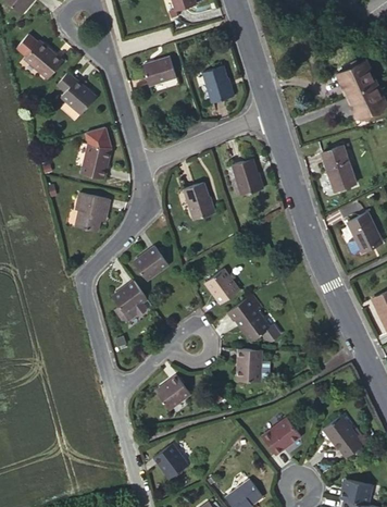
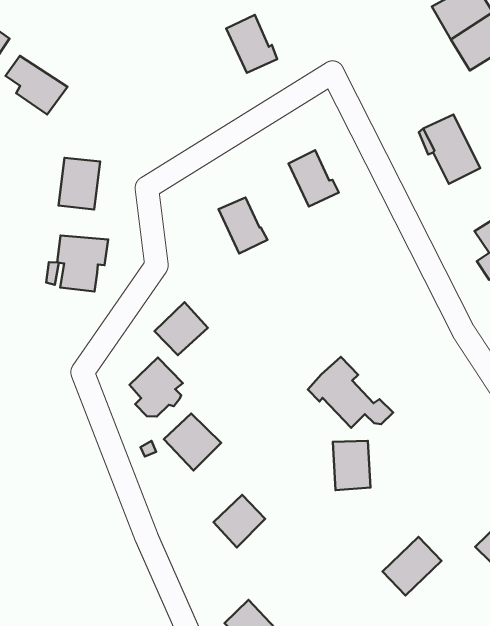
building: [142,57,176,84] -> none
building: [207,270,237,302] -> none
building: none -> [164,413,221,470]

